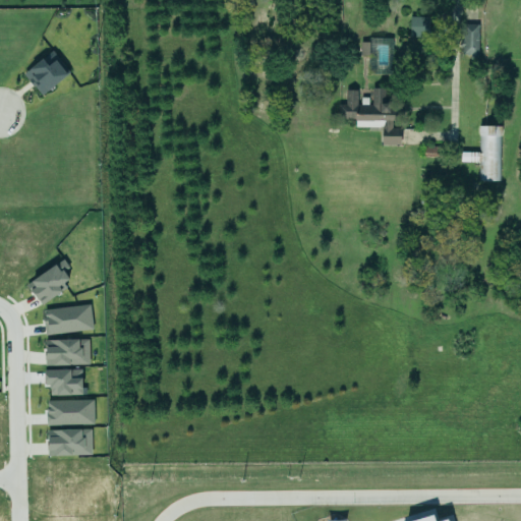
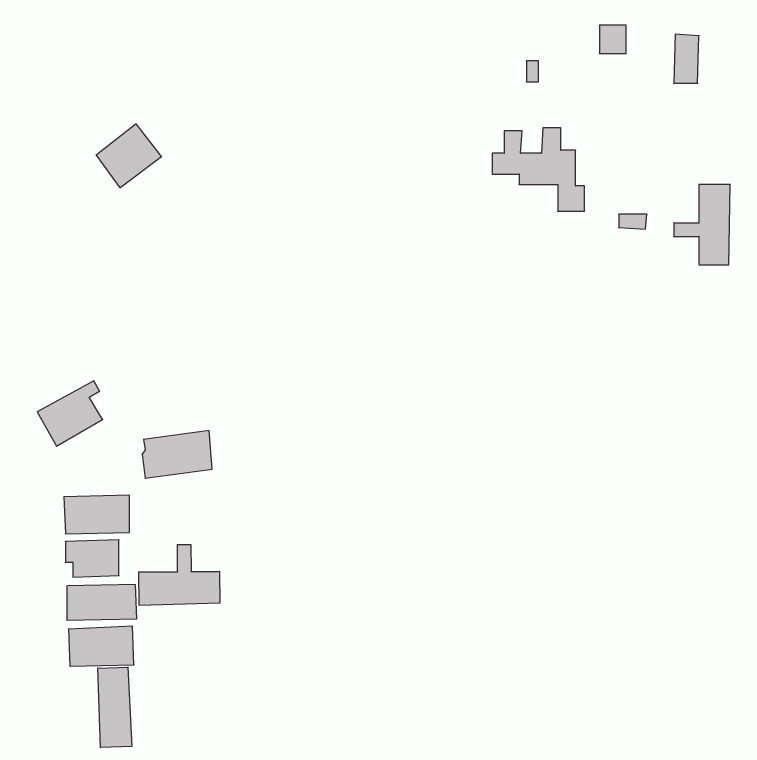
building: [25,52,70,96] -> [96,124,162,188]
building: [44,301,92,334] -> [142,431,212,478]
building: none -> [139,545,220,605]
building: none -> [98,667,132,748]

